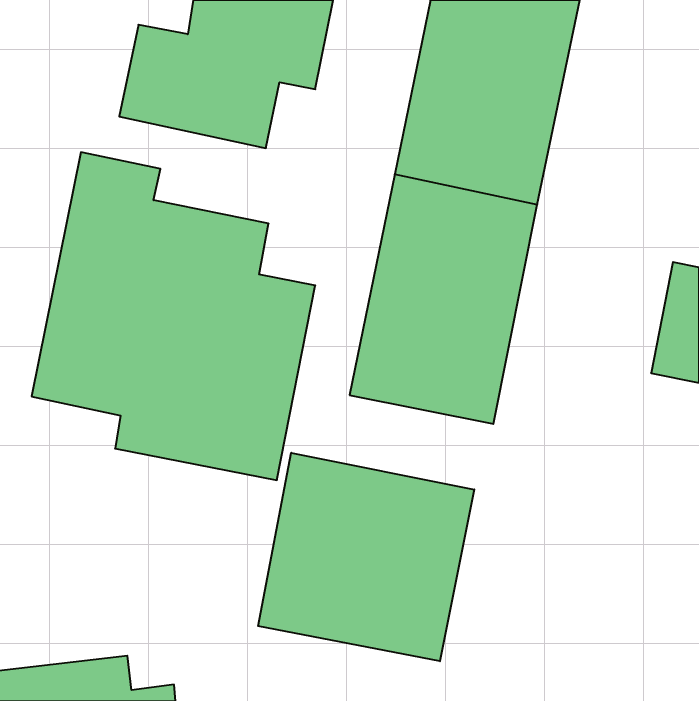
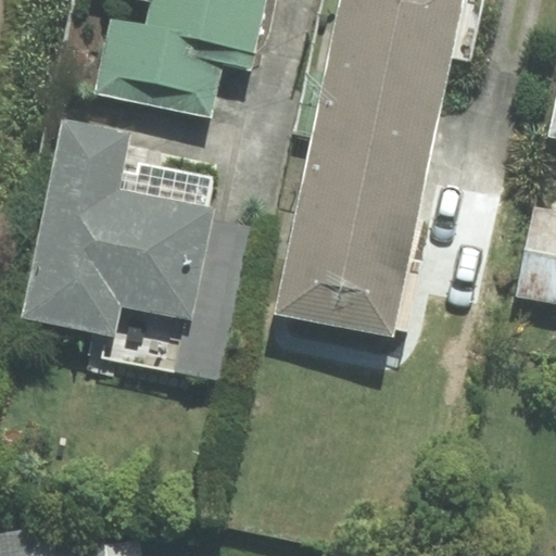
building: [258,453,474,661] -> none

